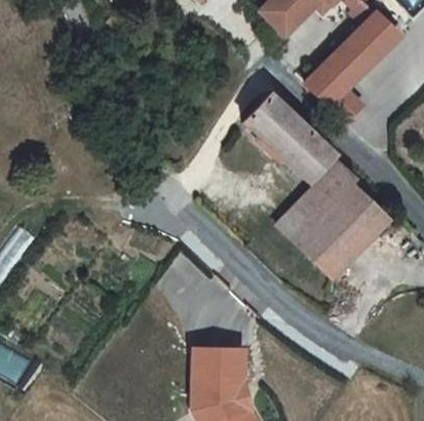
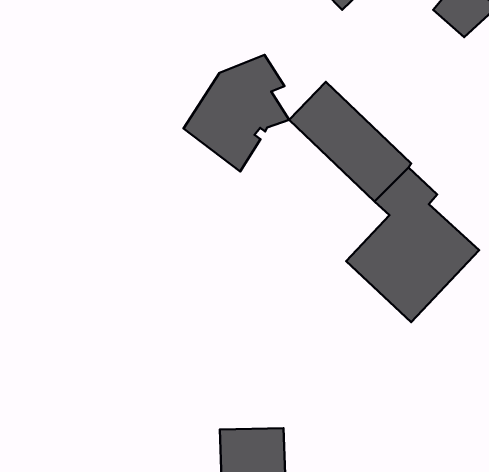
building: [309,35,377,116] -> none
building: none -> [183,55,289,171]

